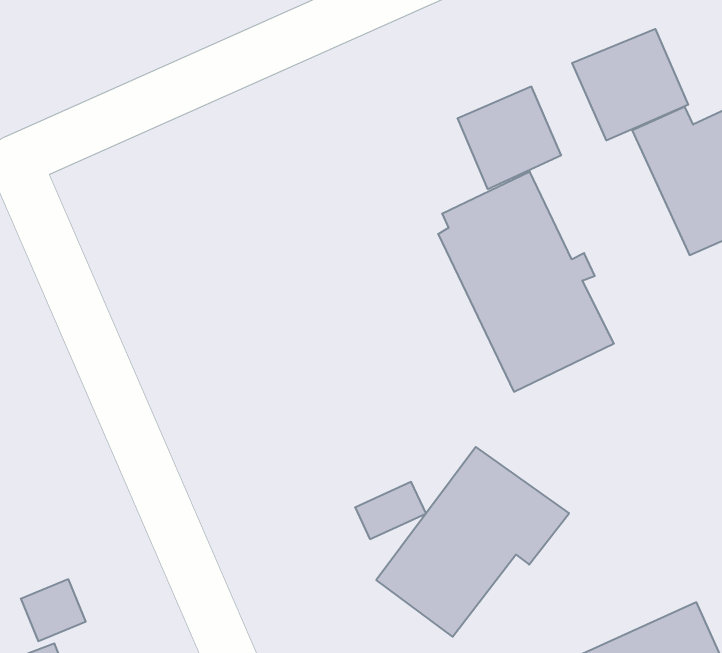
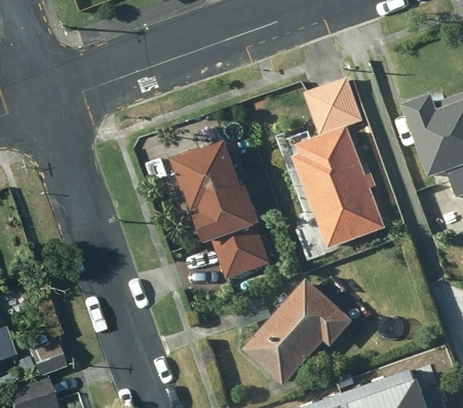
building: [572,29,688,140] -> none
building: none -> [162,142,266,277]

